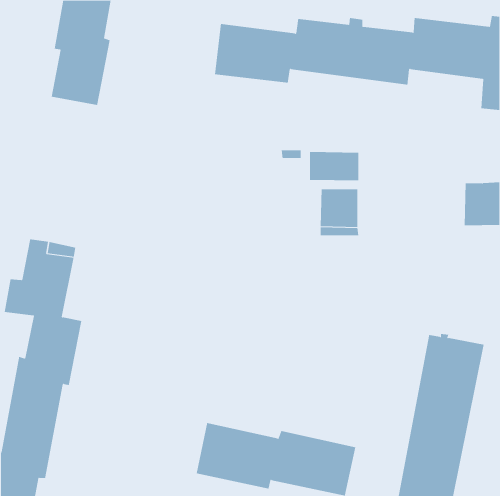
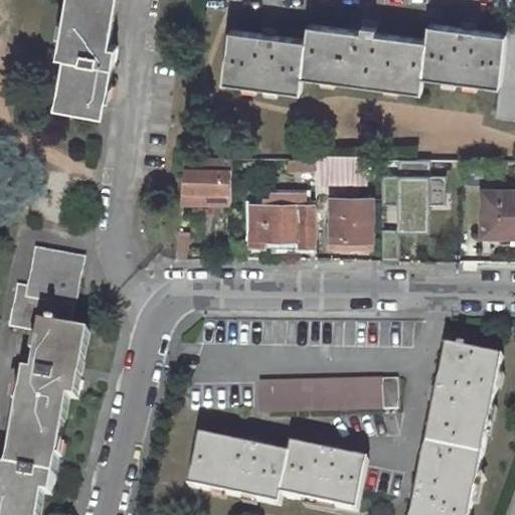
building: none -> [182,157,227,207]
building: none -> [400,165,432,236]
building: none -> [245,204,314,244]
building: none -> [254,381,392,412]

